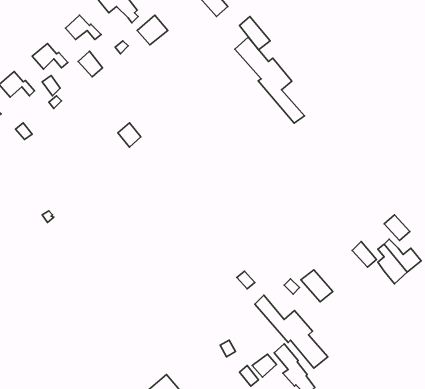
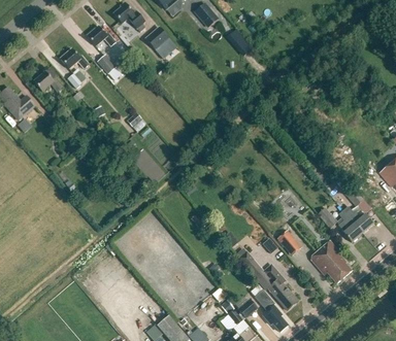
building: [235,37,304,123] -> none
building: none -> [311,240,352,283]

